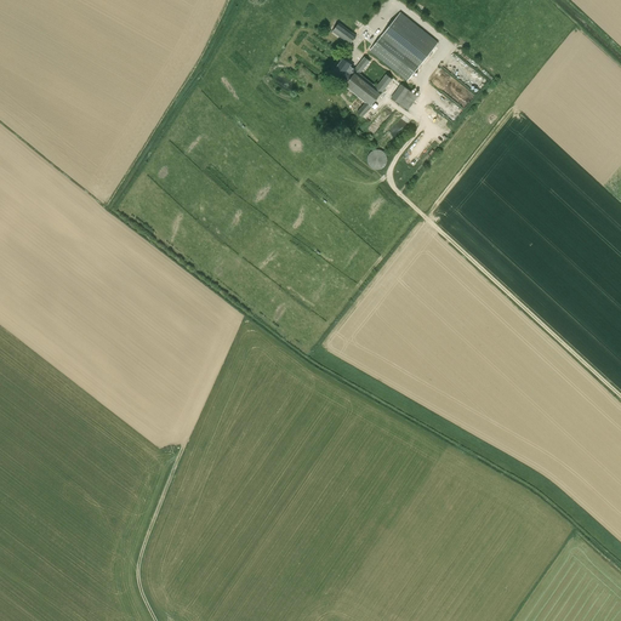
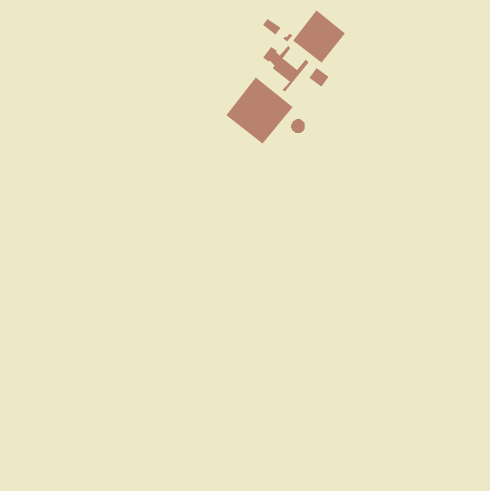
building: none -> [225,76,293,145]

